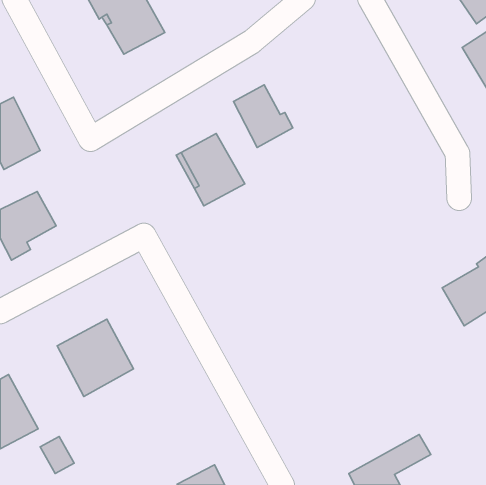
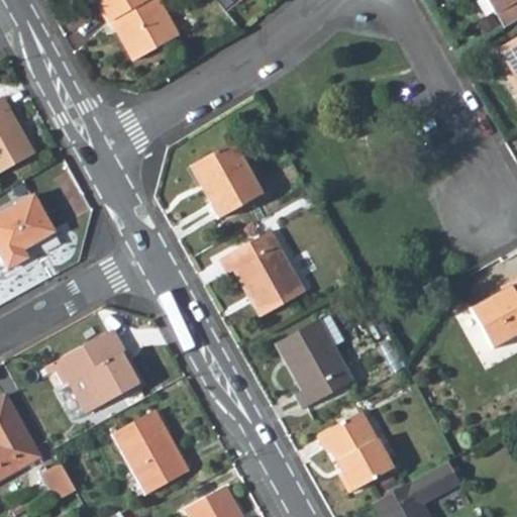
building: [233,85,293,147] -> none
building: none -> [217,229,302,315]
building: none -> [275,313,352,409]
building: none -> [315,412,390,493]
building: none -> [120,419,192,498]

